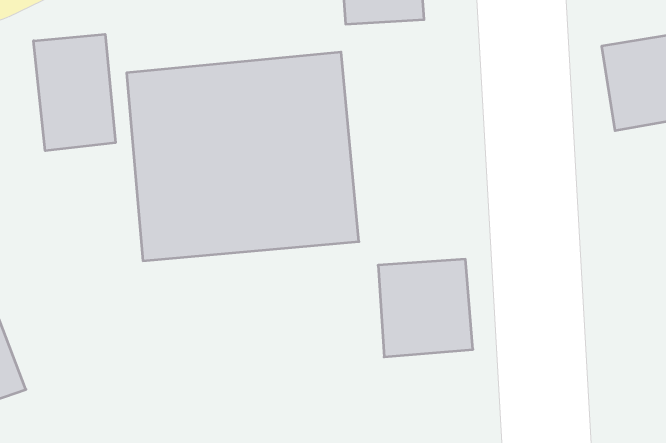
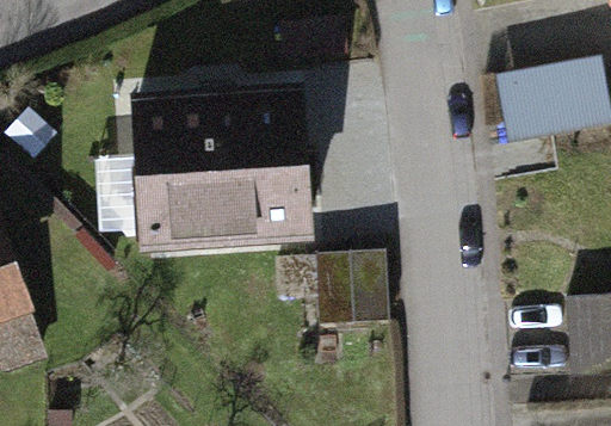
building: [34,34,115,151] -> none

